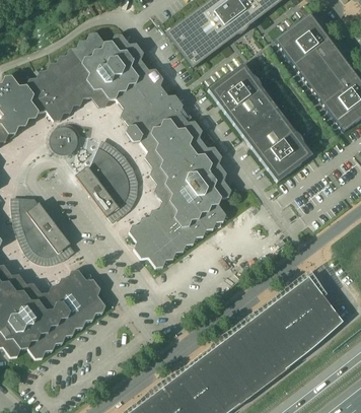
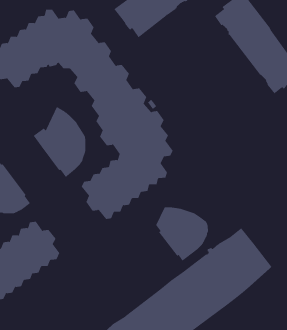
building: [208,66,309,182] -> none
building: [49,126,78,155] -> none
building: none -> [155,206,209,262]

